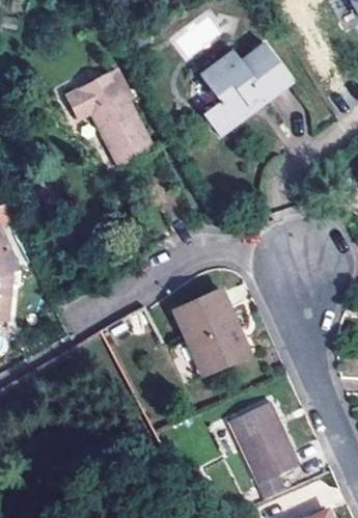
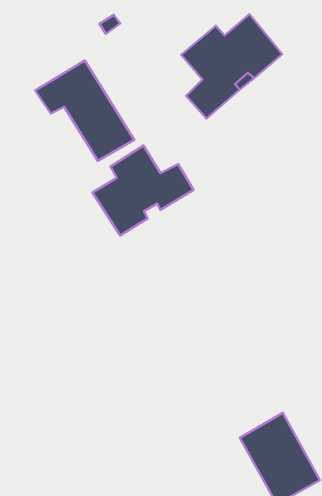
building: none -> [93,146,194,235]
building: [172,293,249,378] -> none

